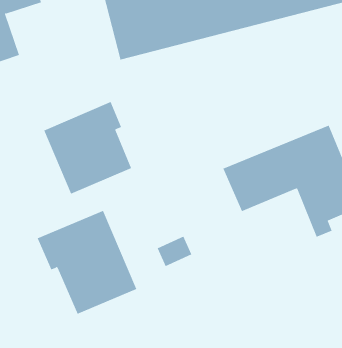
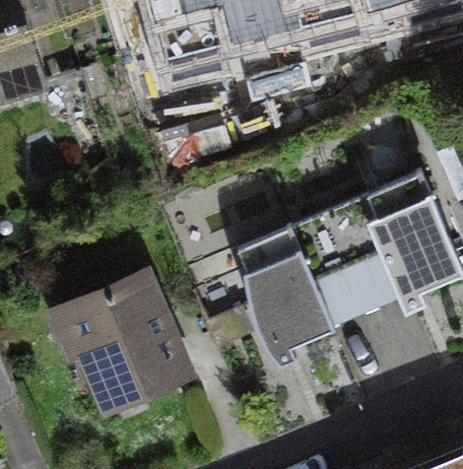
building: [43,101,132,195] -> none
building: none -> [237,227,333,365]

